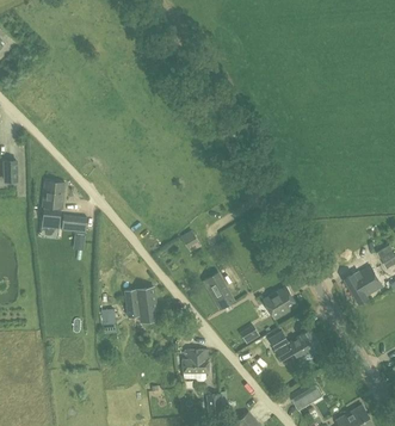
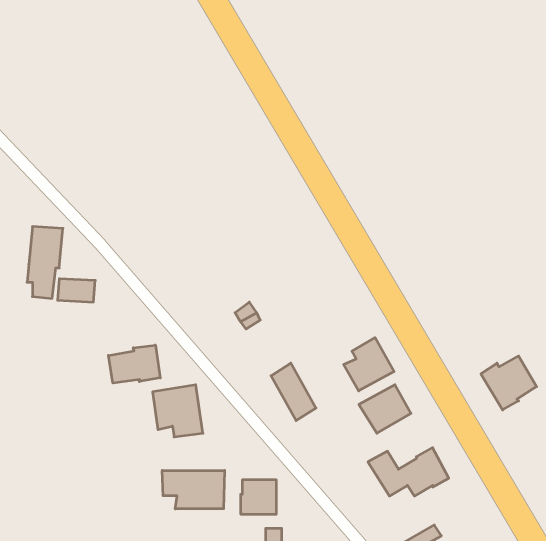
building: none -> [344,338,394,391]
building: none -> [108,345,160,383]
building: none -> [162,470,225,509]

